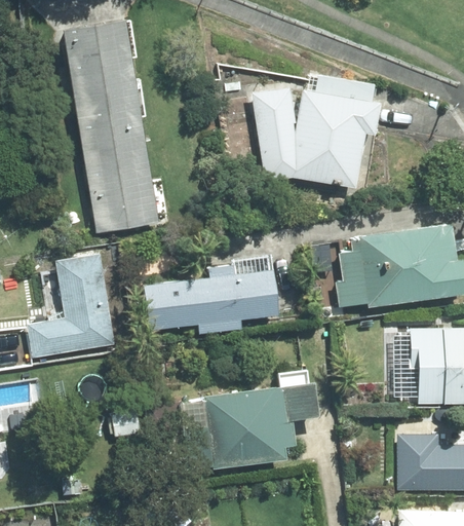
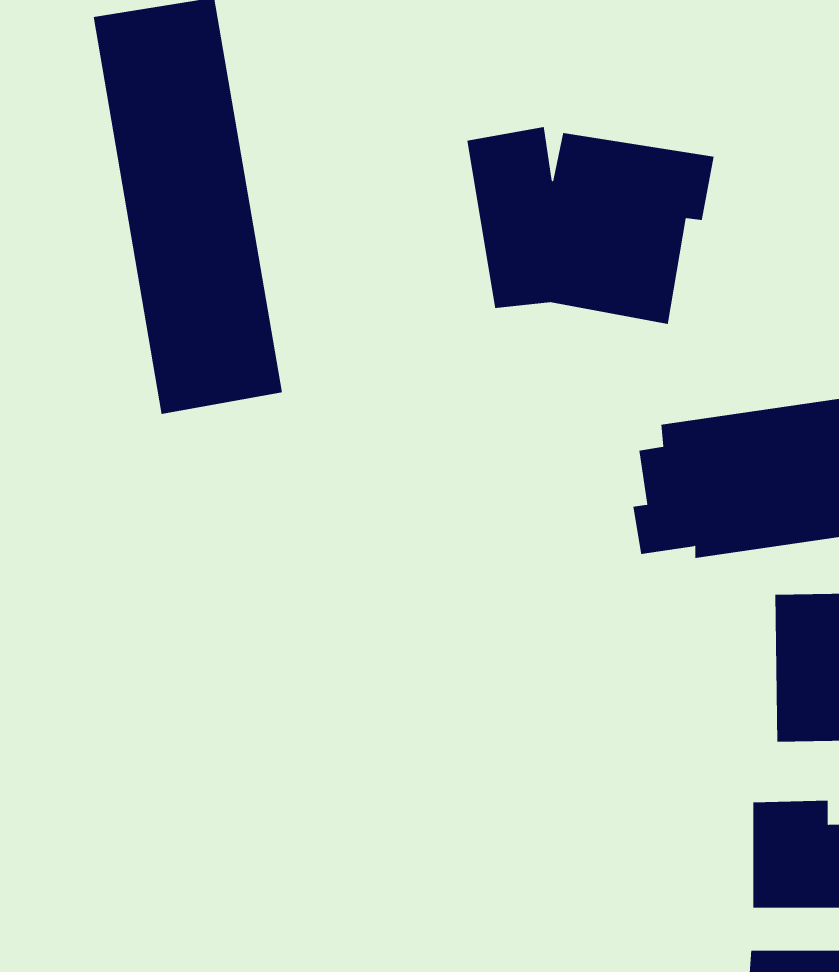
building: [29,254,116,358] -> none
building: [144,264,276,335] -> none
building: [190,382,317,467] -> none

